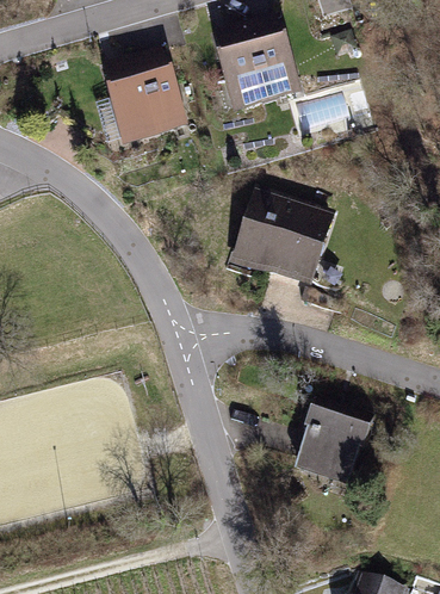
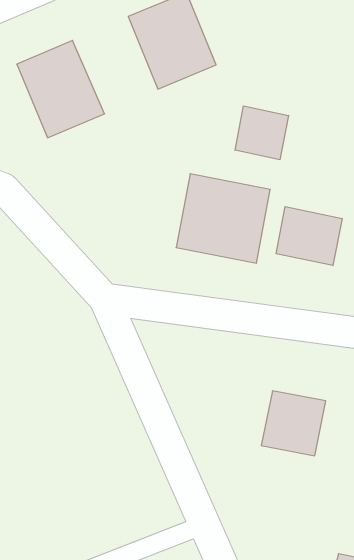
building: none -> [235,106,289,160]
building: none -> [276,207,342,266]

